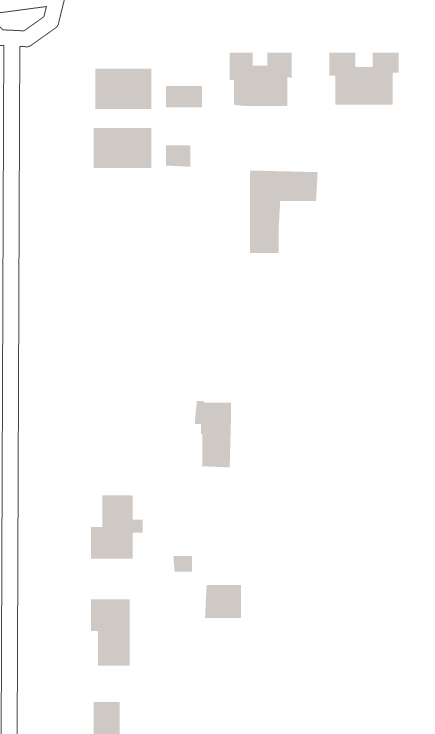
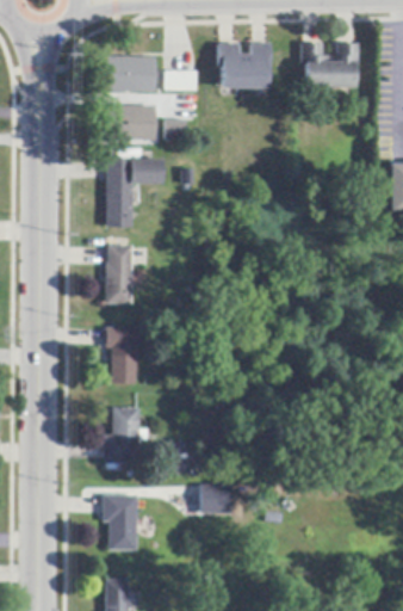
building: [249,170,318,254] -> [106,158,163,227]
building: none -> [106,245,132,303]
building: [194,400,232,468] -> [106,327,137,383]

